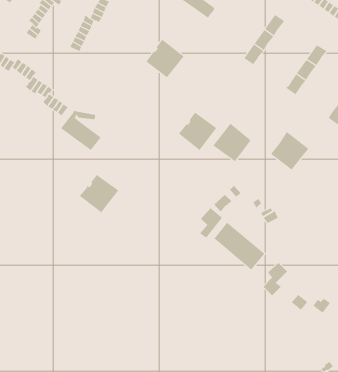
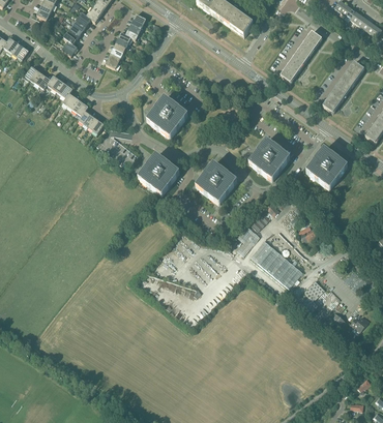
building: [145,39,185,78] -> [147,97,186,137]
building: [178,112,217,151] -> [196,163,235,203]
building: [79,174,119,213] -> [138,155,178,194]

